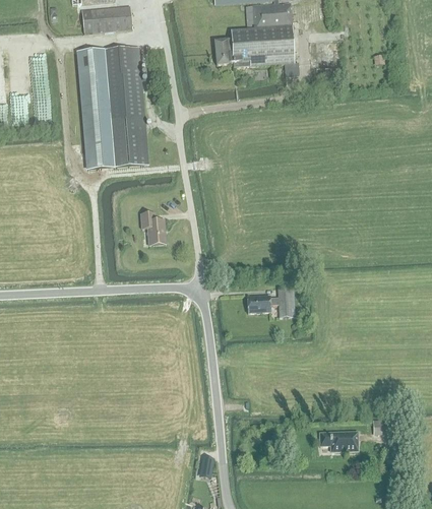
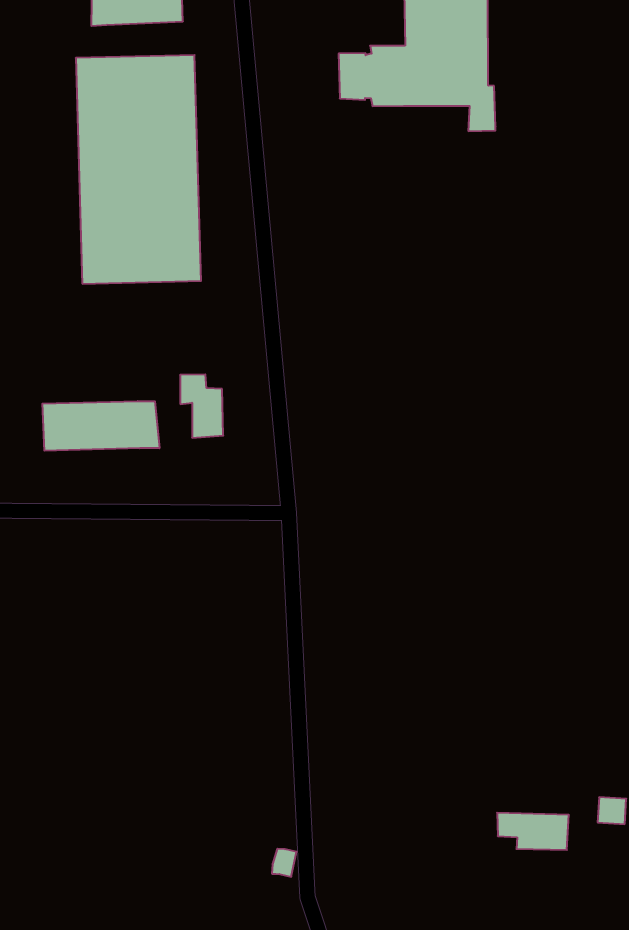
building: none -> [42,401,159,451]
building: [246,284,291,316] -> none

